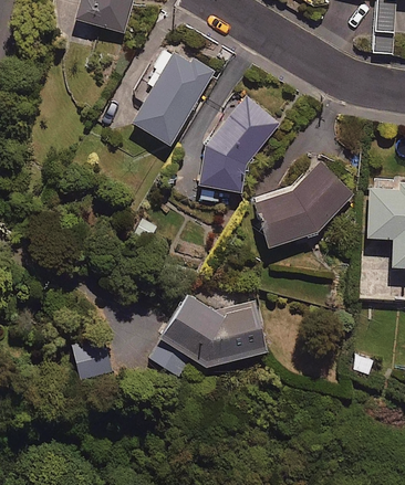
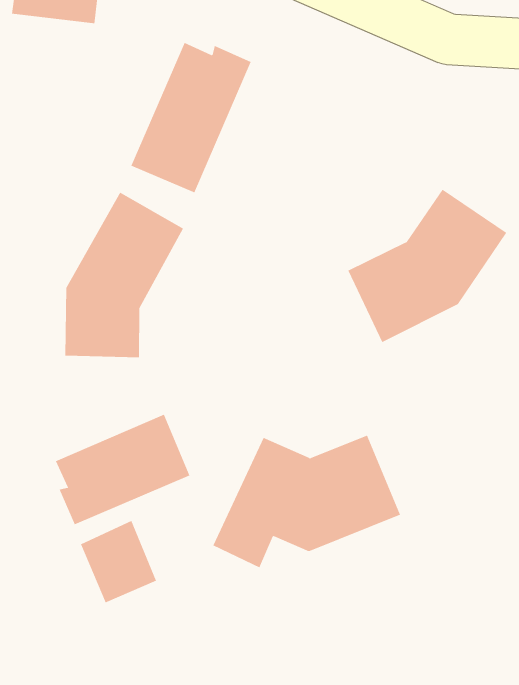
building: [197,94,280,196] -> [64,192,184,358]
building: none -> [55,414,190,525]

